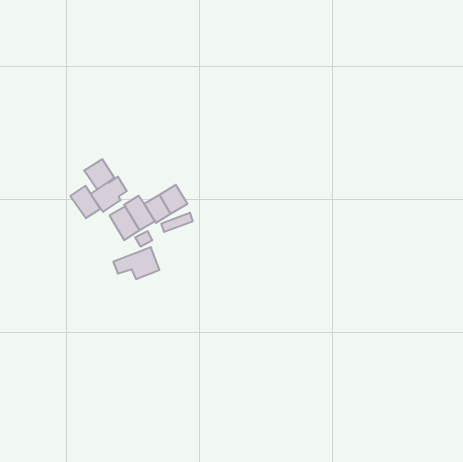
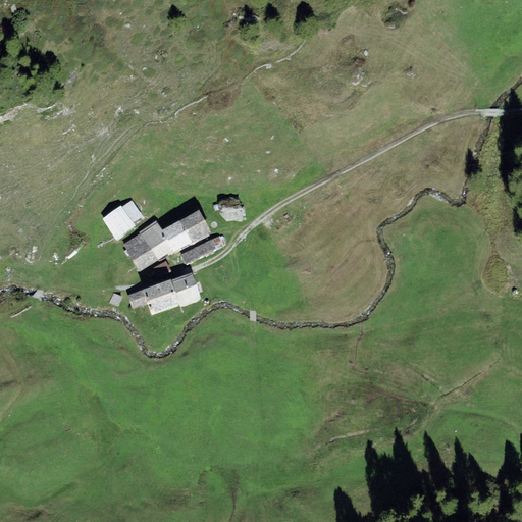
building: [84,159,114,189] -> none
building: [70,186,101,218] -> none
building: none -> [170,271,202,306]

